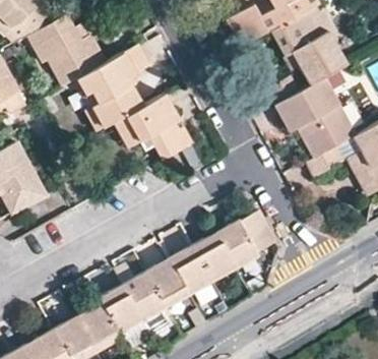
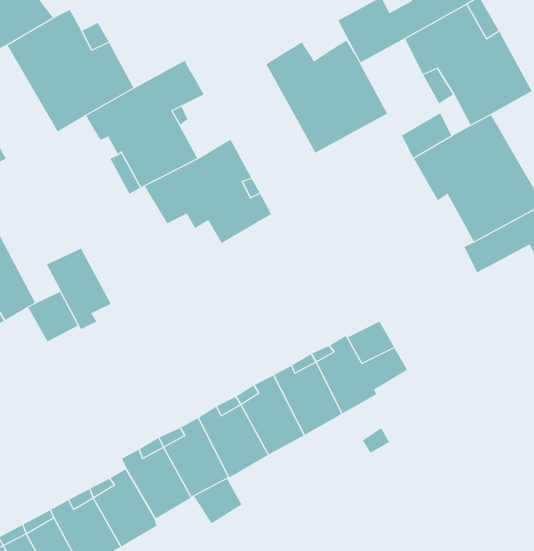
building: none -> [265,40,388,154]
building: none -> [46,248,111,330]

